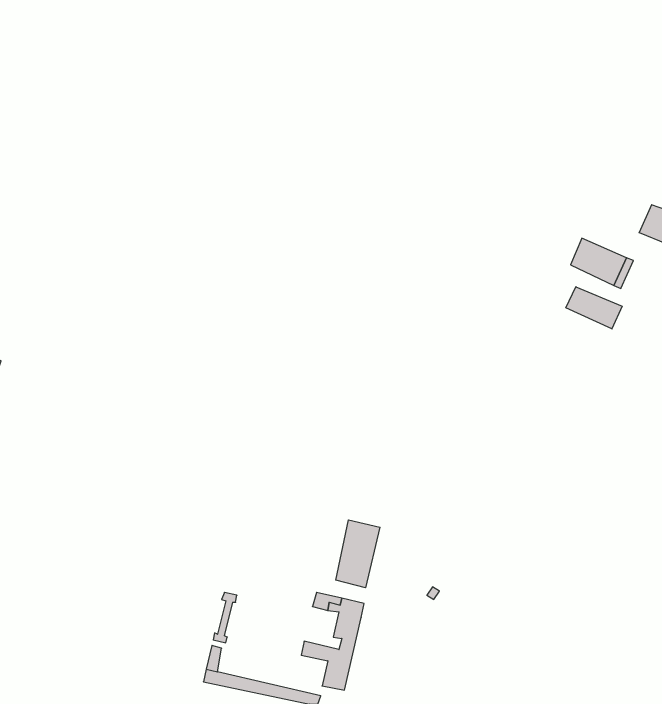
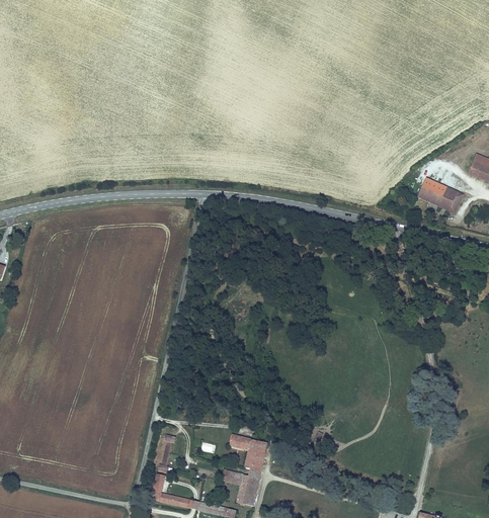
building: [566,287,622,329] -> none
building: [336,520,380,588] -> none

